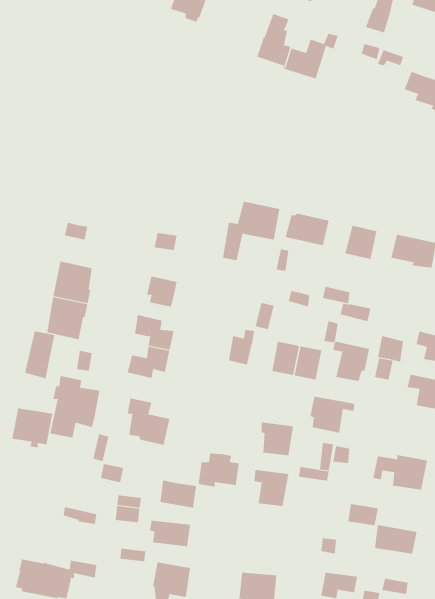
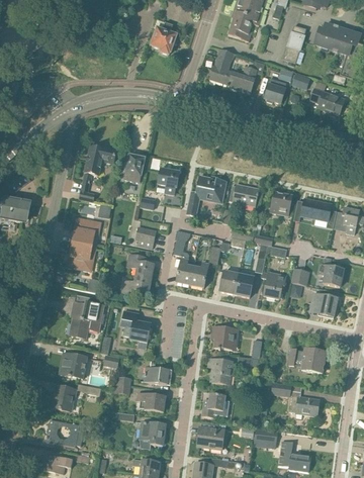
building: none -> [265,77,286,103]
building: none -> [82,145,117,182]
building: none -> [123,155,145,181]
building: none -> [158,169,179,195]
building: none -> [173,238,193,284]
building: [24,331,55,379] -> none
building: [310,396,355,434] -> none
building: [12,408,53,448] -> [59,352,87,379]
building: [198,453,239,487] -> [201,393,230,416]
building: none -> [52,384,75,410]

